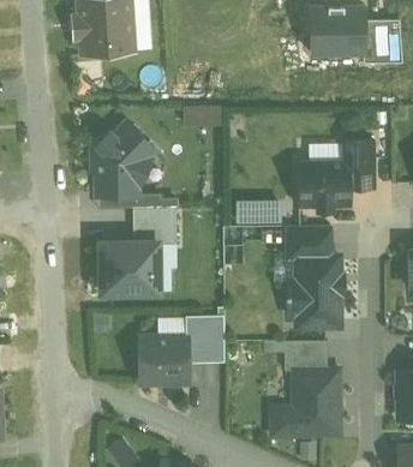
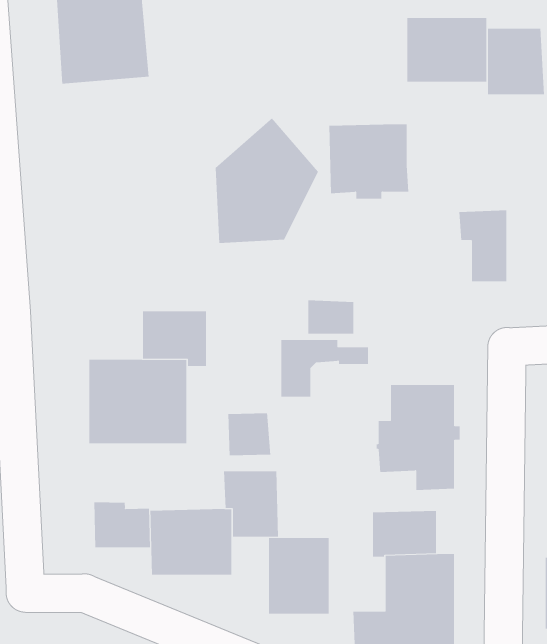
building: [90,114,160,198] -> [215,118,319,243]
building: [299,161,353,211] -> [328,124,409,199]
building: [289,226,333,259] -> none
building: none -> [228,413,271,456]
building: none -> [94,502,150,548]
building: none -> [268,537,329,615]

